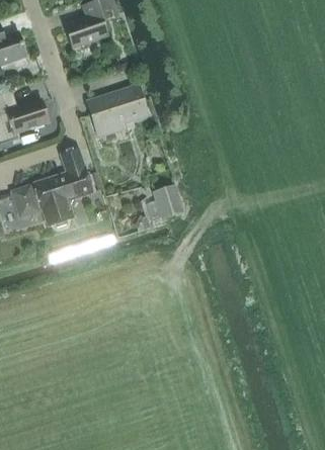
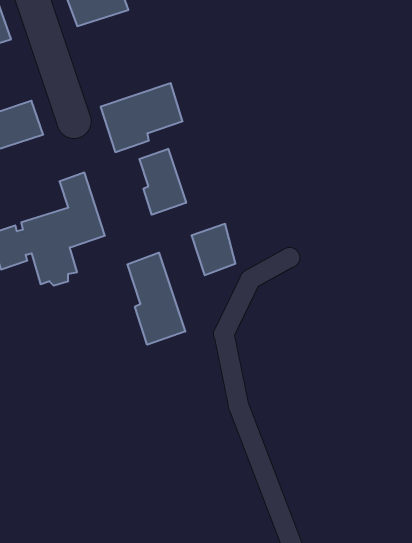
building: none -> [139,149,186,215]
building: none -> [127,253,185,345]

